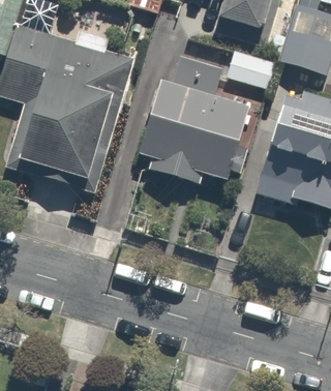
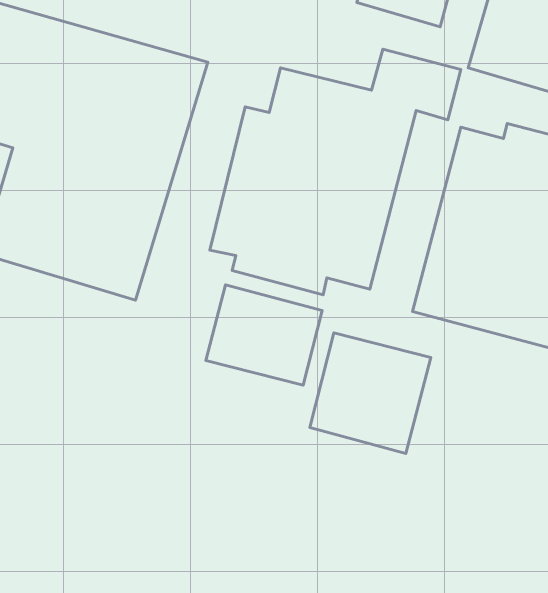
building: none -> [206,285,322,385]
building: none -> [310,333,431,453]

